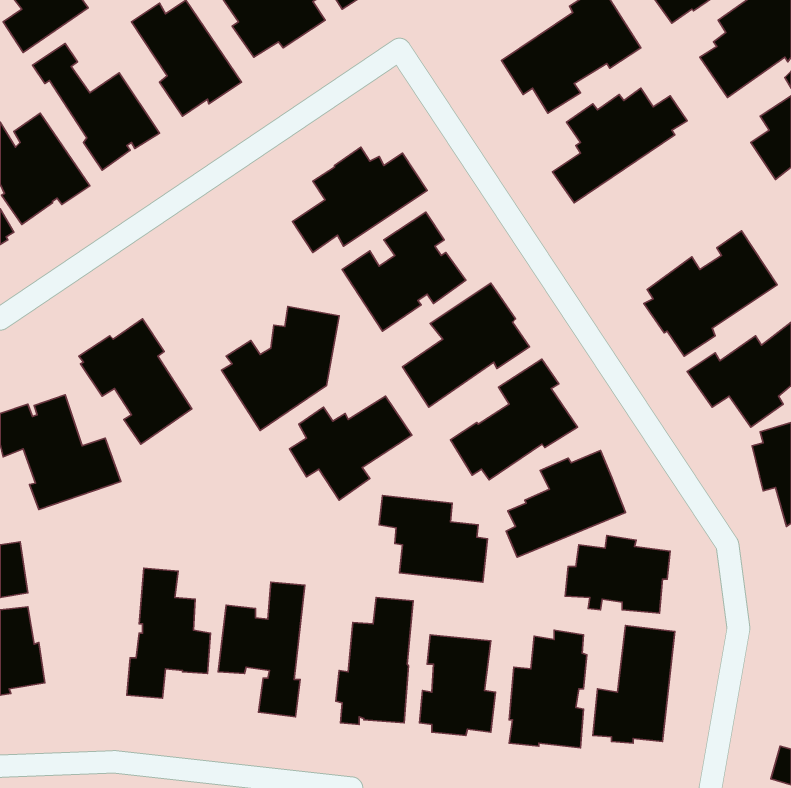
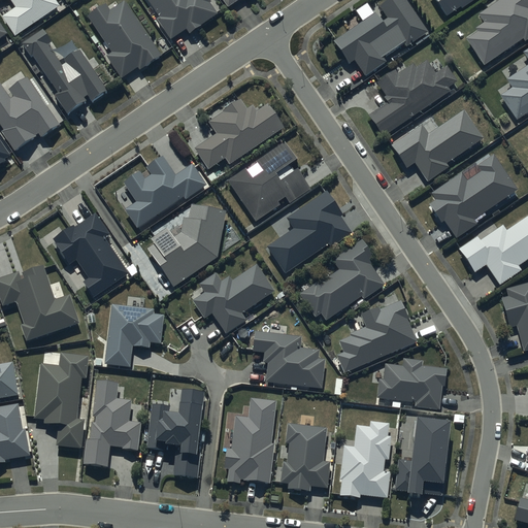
building: none -> [391,109,484,180]
building: none -> [123,155,205,227]
building: none -> [105,303,164,365]
building: none -> [35,351,89,446]

